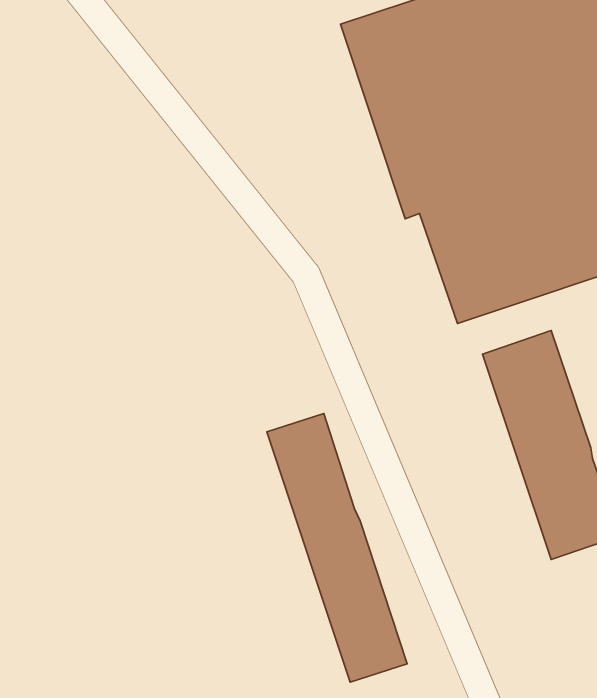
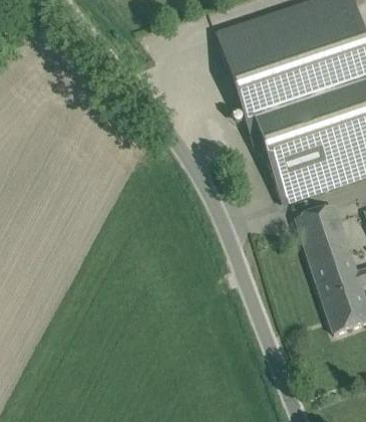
building: [267,414,407,682] -> none

